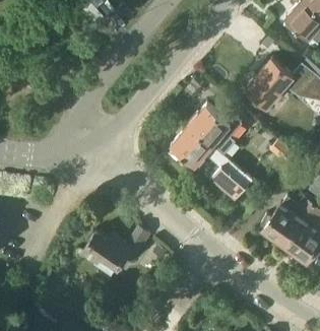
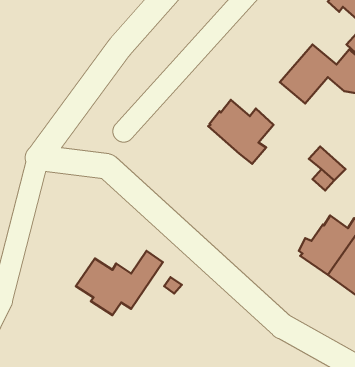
building: [171,125,254,201] -> none

